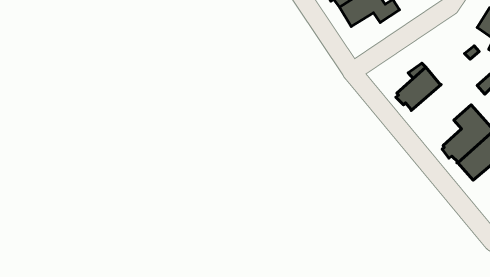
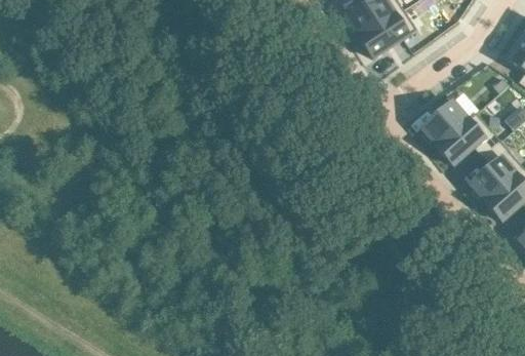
building: none -> [437,111,500,164]

